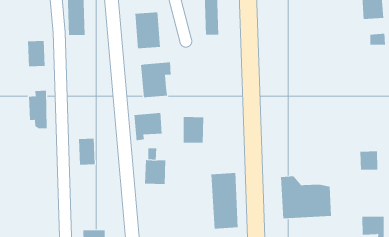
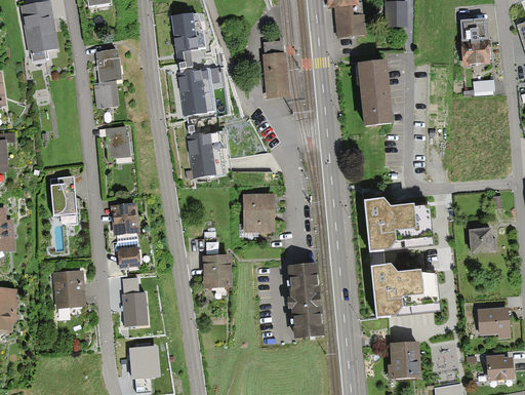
building: none -> [358,61,390,124]
building: [27,41,45,67] -> [104,125,128,159]
building: [134,112,162,141] -> none
building: none -> [112,202,140,235]
building: none -> [365,199,435,252]
building: none -> [54,270,84,309]
building: none -> [122,278,149,326]

